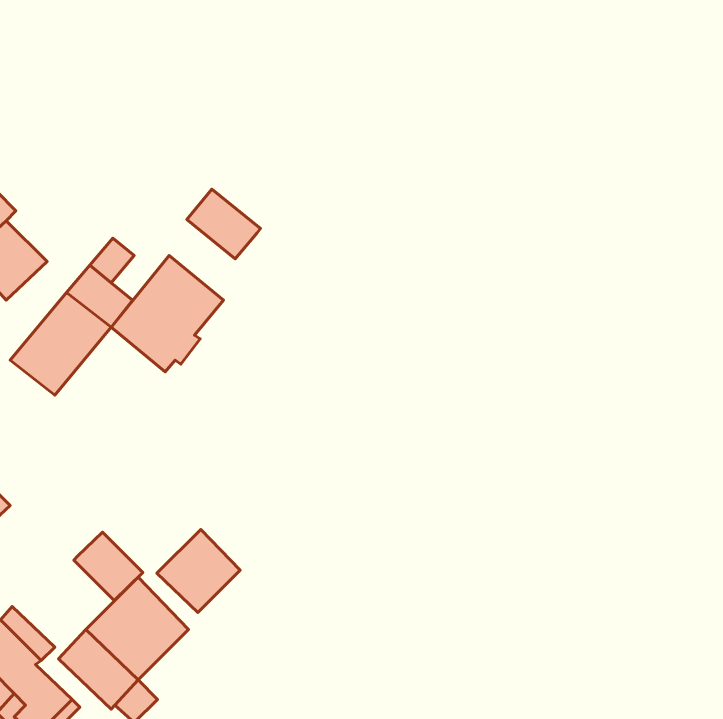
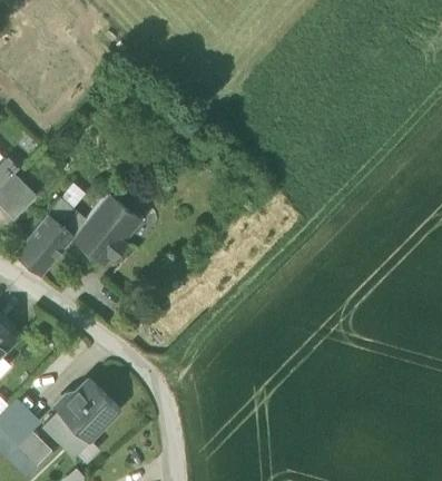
building: [187,189,261,259] -> none
building: [157,529,240,612] -> none
building: [74,532,143,601] -> none

